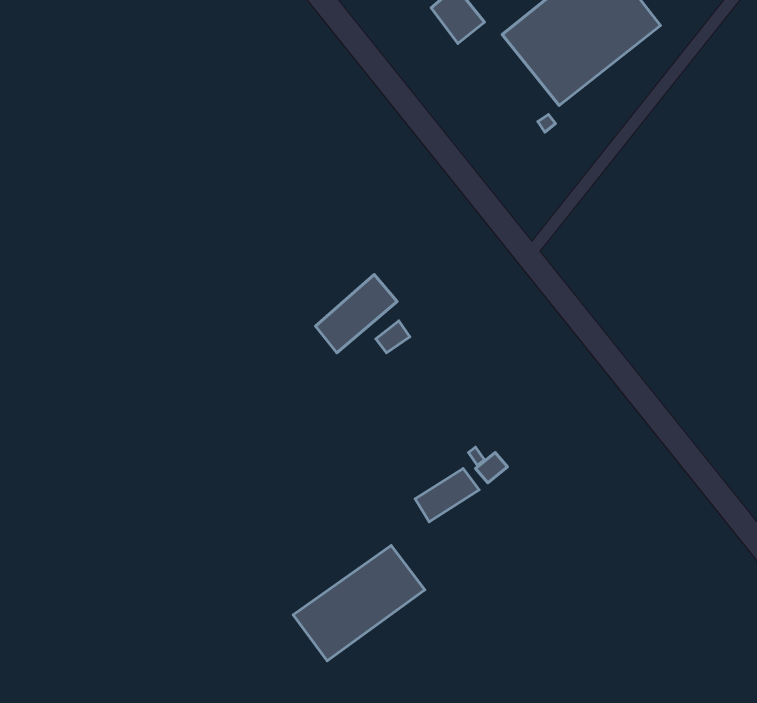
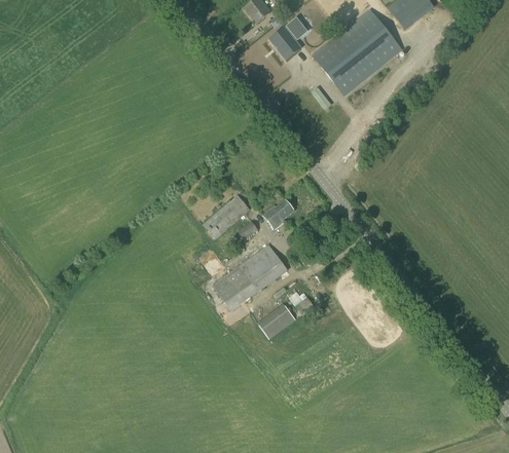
building: none -> [262,198,294,228]
building: [293,545,425,661] -> [211,243,287,310]

